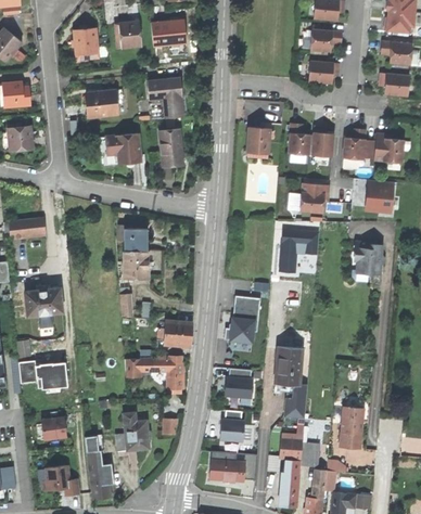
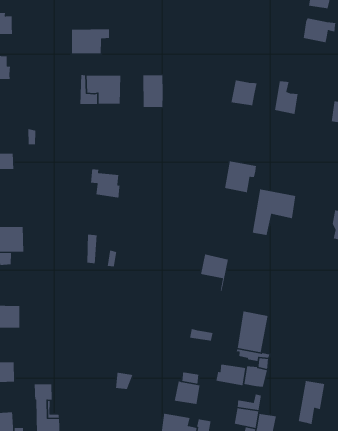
building: [148,78,183,119] -> none
building: [311,127,333,157] -> none
building: [299,183,329,213] -> [224,161,257,193]
building: [117,250,148,279] -> none
building: [228,317,254,343] -> none
building: [157,320,193,344] -> none
building: [125,356,183,389] -> none
building: [224,378,252,398] -> [215,364,246,386]
building: [116,414,149,452] -> none

